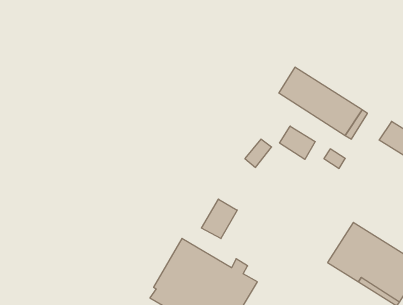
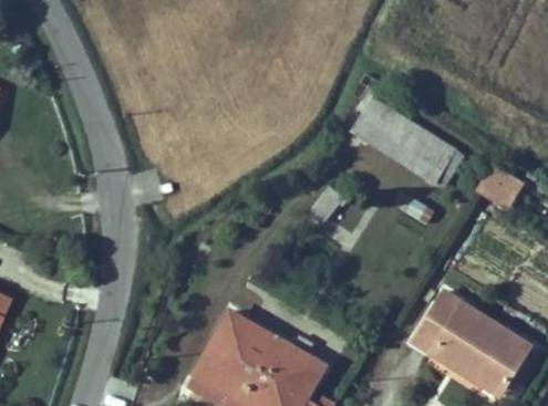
building: [280,126,315,159] -> none
building: [201,199,237,239] -> none

